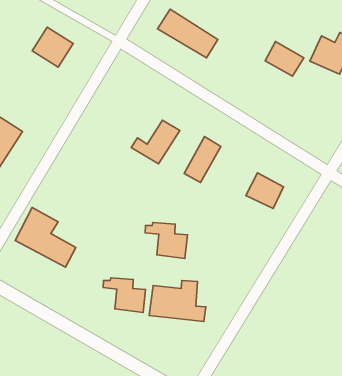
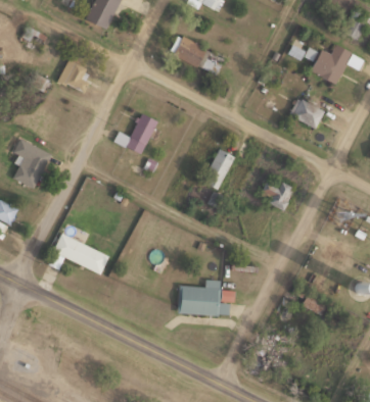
building: [265,41,304,76] -> [289,98,324,129]
building: [131,120,180,164] -> [114,114,157,154]
building: [145,223,187,258] -> none
building: [103,278,146,312] -> none

